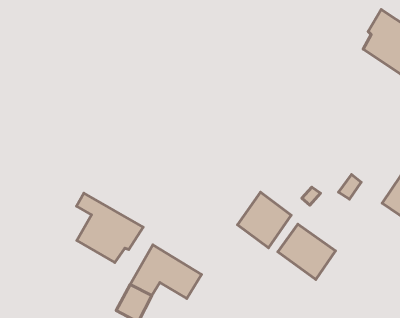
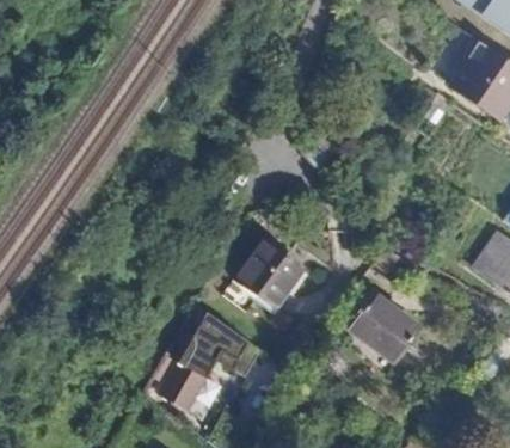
building: [238,192,291,248] -> [238,241,302,308]
building: [76,193,143,263] -> none

